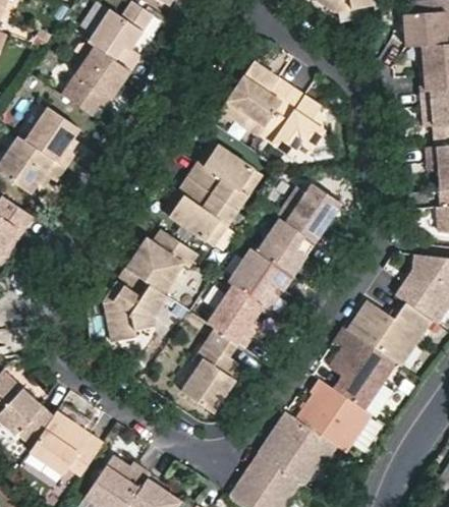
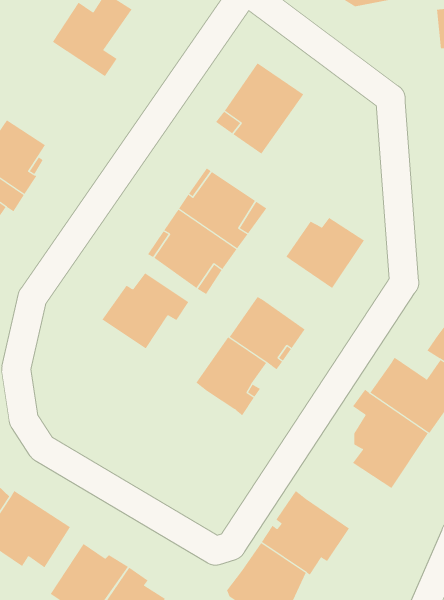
building: [60,42,128,114] -> none
building: [259,84,329,156] -> none
building: [260,221,317,278] -> none
building: [104,270,169,343] -> none
building: [177,329,236,415] -> none
building: [295,379,371,451] -> none

